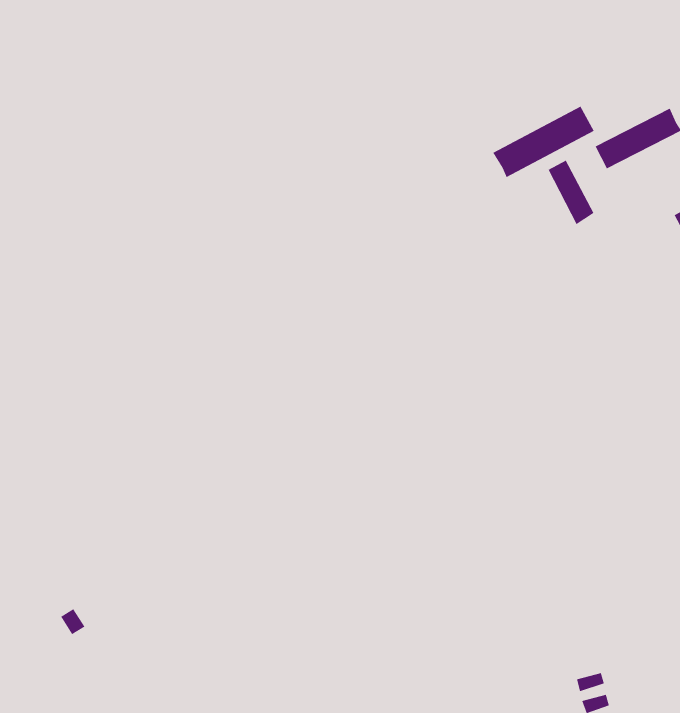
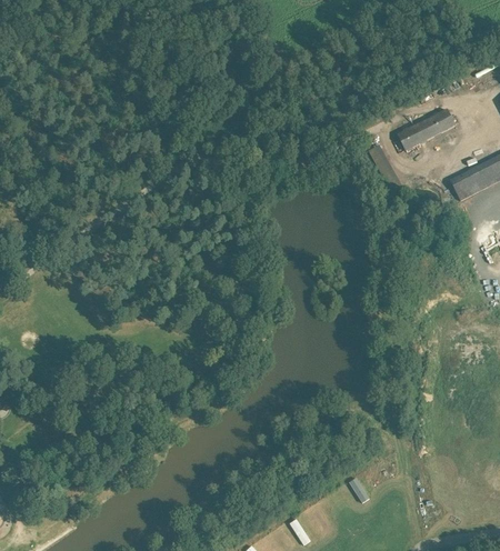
building: [492,105,595,178] -> none

